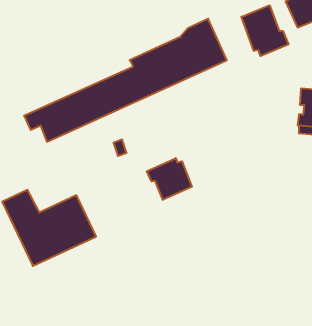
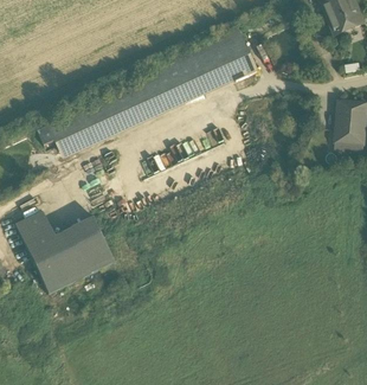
building: [241,5,288,56] -> none
building: [147,158,192,200] -> none

